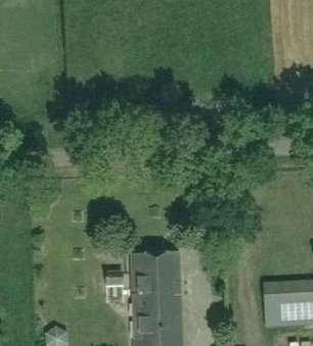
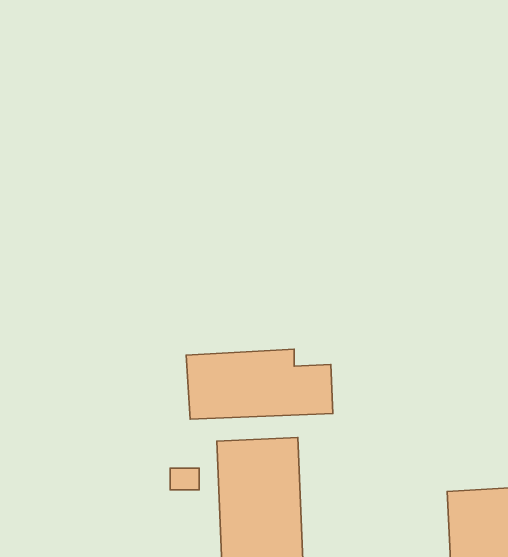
building: none -> [186,349,333,419]

